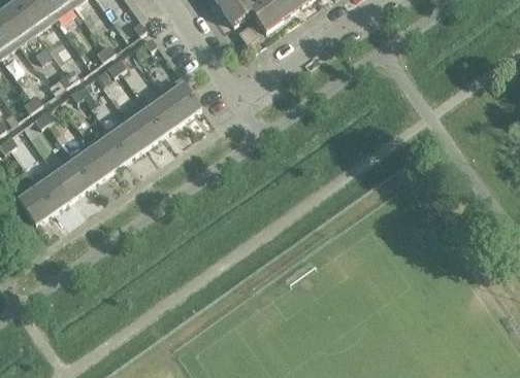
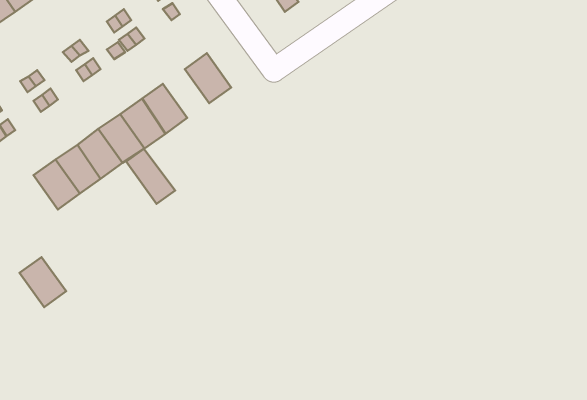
building: [143,91,183,132] -> none
building: none -> [126,149,175,204]
building: [15,180,55,222] -> [20,257,66,307]

